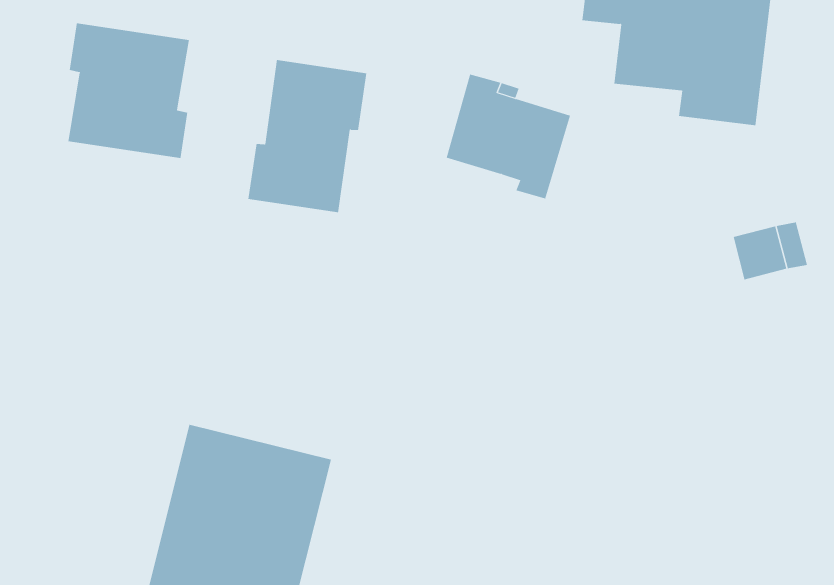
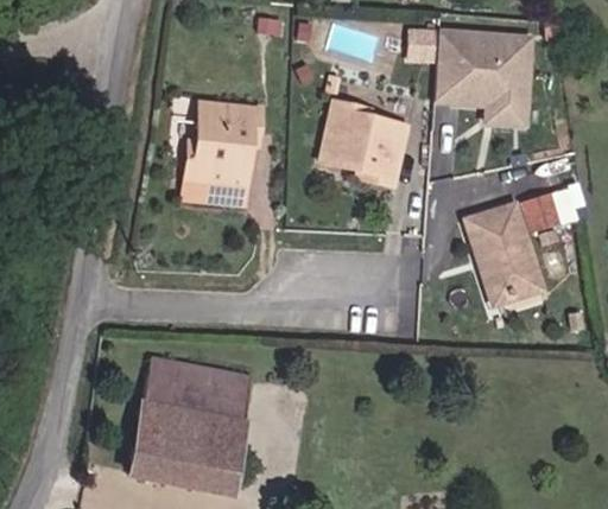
building: [68,23,189,159] -> none
building: none -> [466,209,540,305]

